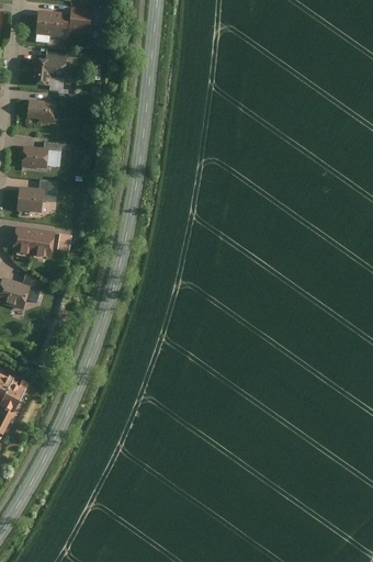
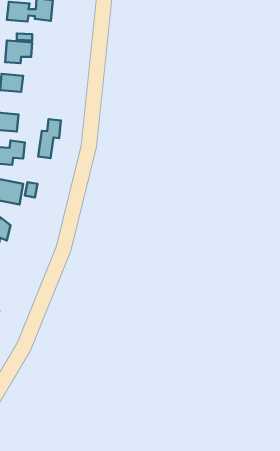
building: none -> [38,119,61,158]

